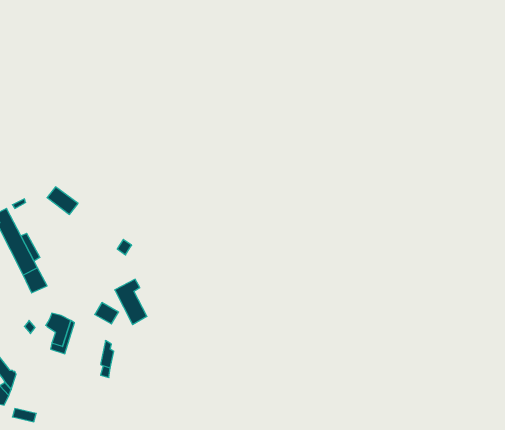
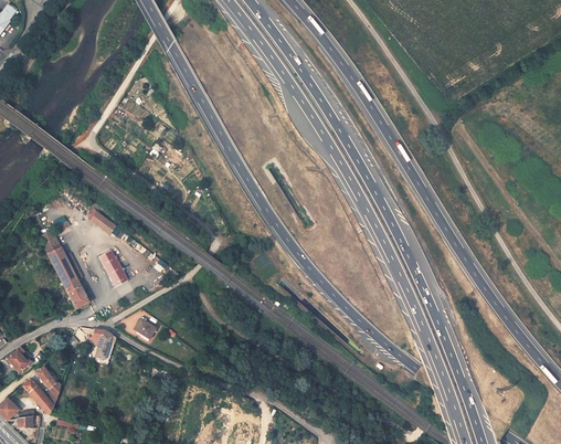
building: [115,279,147,325] -> [99,247,129,289]

